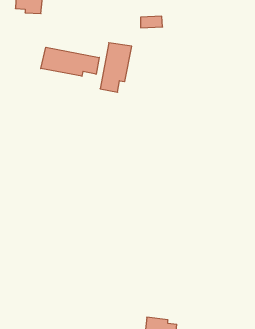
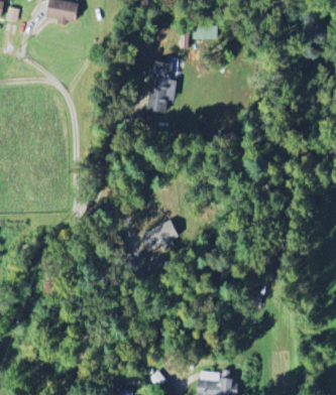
building: [41,47,99,76] -> none
building: none -> [139,219,180,251]

